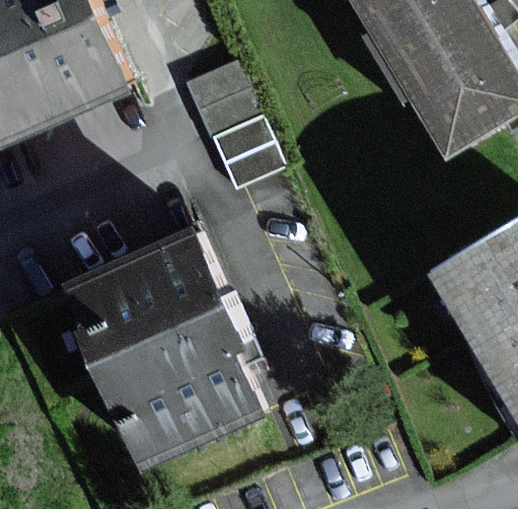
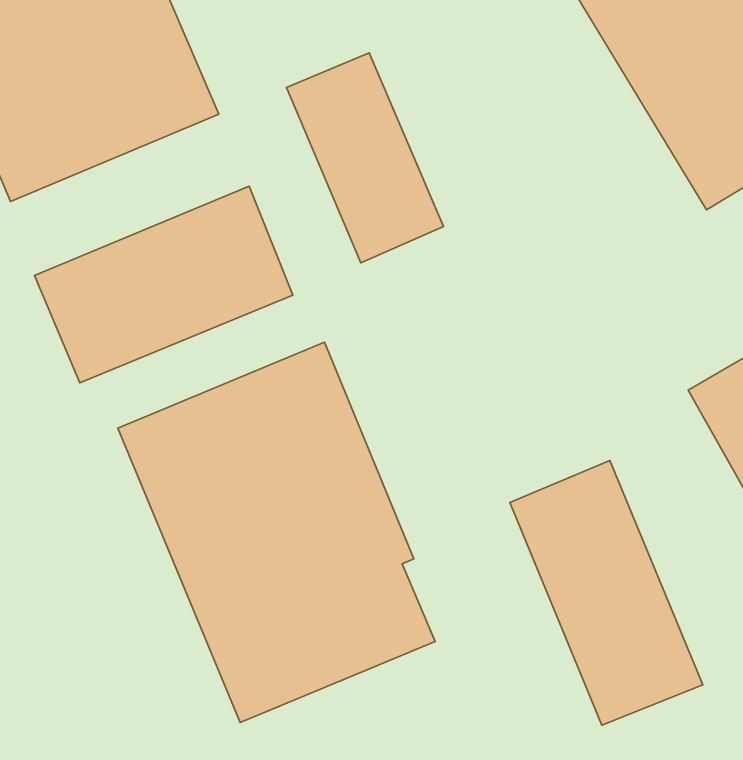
building: none -> [35,186,293,383]
building: none -> [510,460,703,725]

